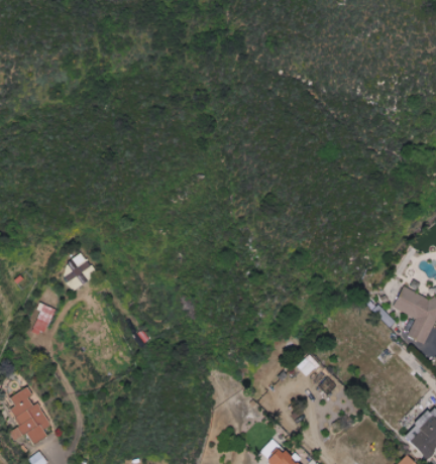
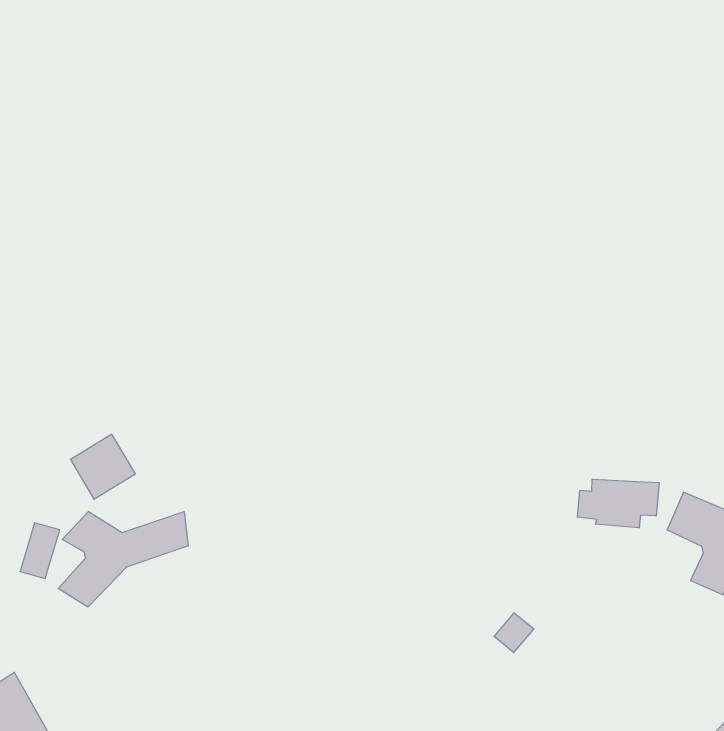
building: none -> [578,479,659,528]
building: none -> [58,511,188,607]

